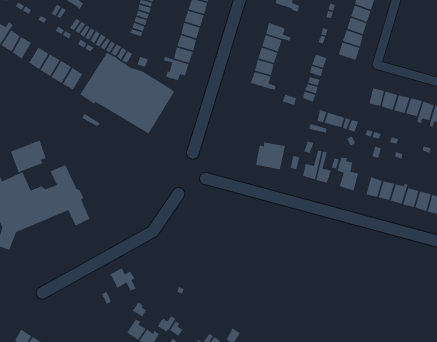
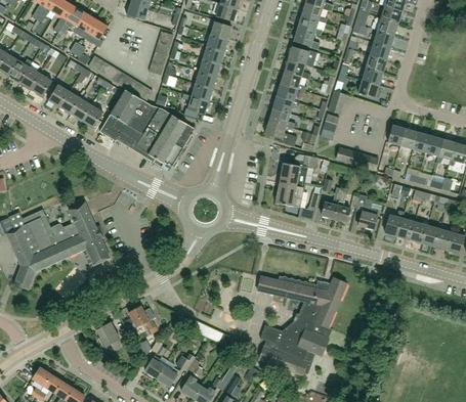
building: none -> [288,46,317,66]
building: none -> [265,121,298,146]
building: none -> [279,154,317,183]
building: [10,139,47,173] -> none
building: none -> [257,275,347,374]
building: none -> [96,322,122,350]

